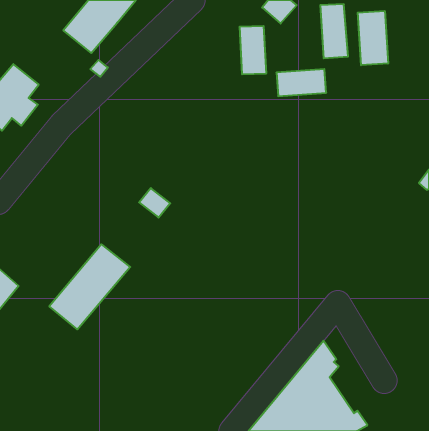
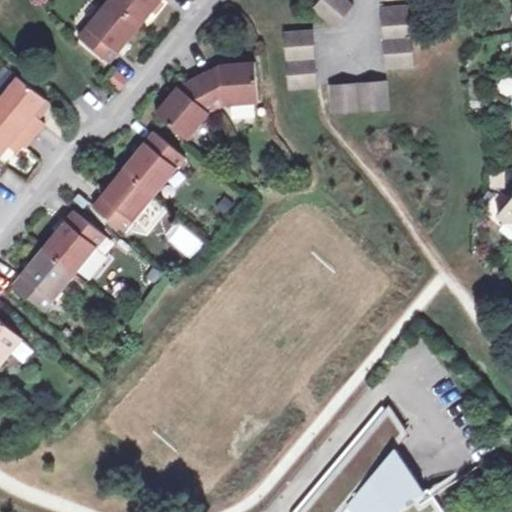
building: [358,11,388,65] -> none
building: none -> [153,61,258,141]
building: none -> [91,131,186,232]
building: [49,244,130,329] -> [10,209,106,310]

